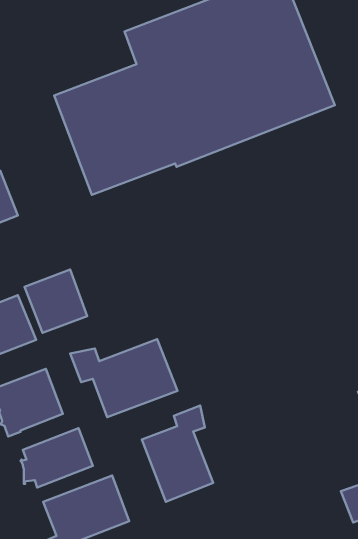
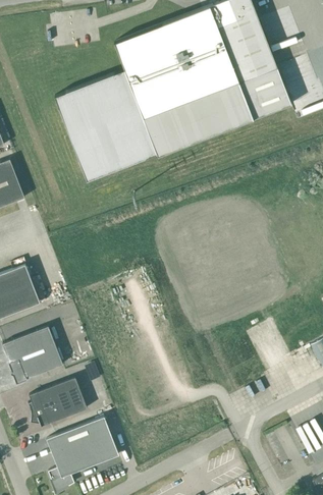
building: [25,269,87,333] -> none
building: [70,339,177,417] -> none
building: [142,406,213,502] -> none

